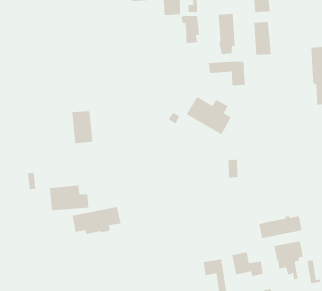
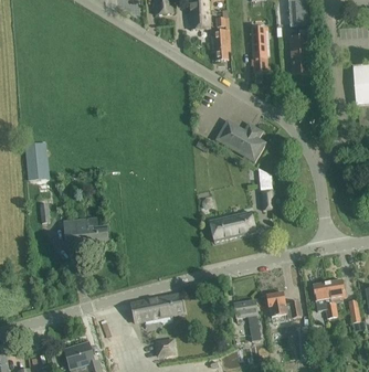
building: [209,61,245,86] -> none
building: [71,111,93,144] -> [24,141,49,178]
building: none -> [209,211,255,241]
building: [72,207,122,234] -> [129,293,184,323]
building: [259,215,302,239] -> none

